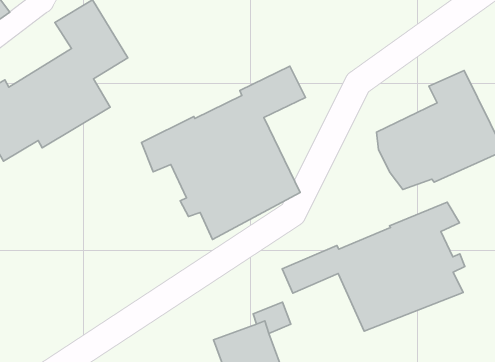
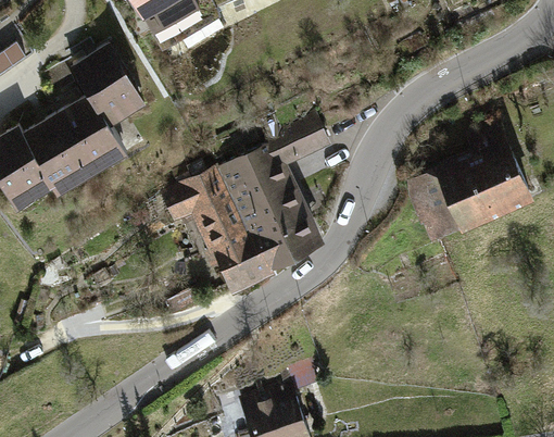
building: [282,202,465,331] -> none

